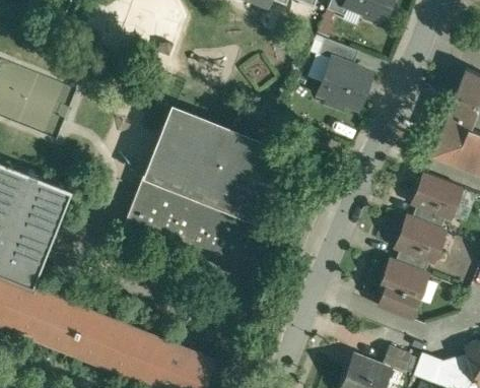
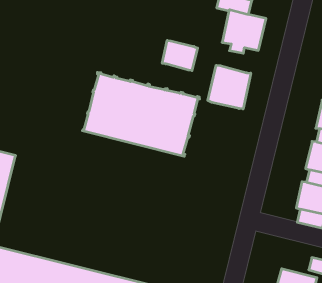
building: none -> [162,40,198,71]
building: none -> [208,65,251,109]
building: [129,172,272,283] -> none

